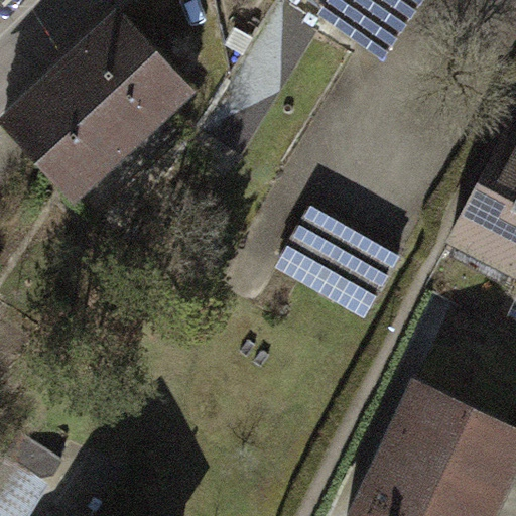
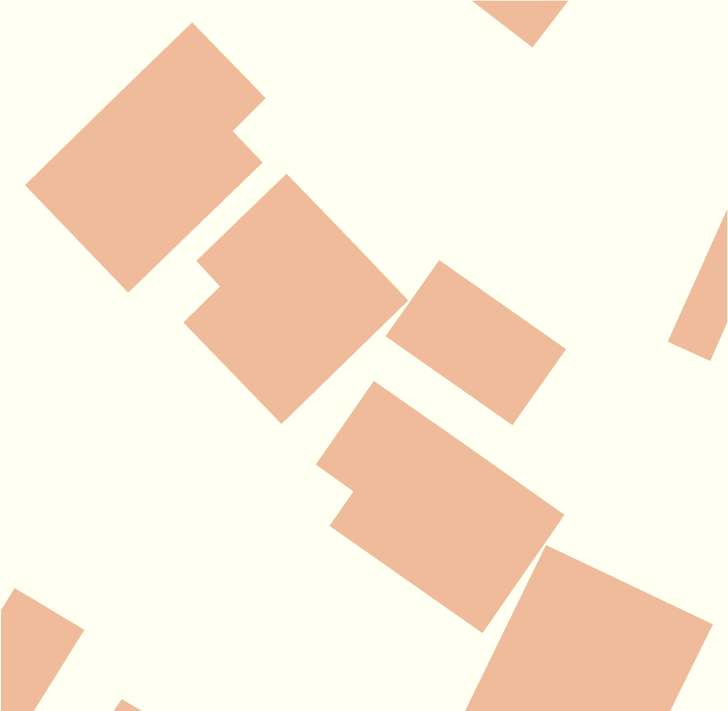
building: none -> [183,173,409,425]
building: none -> [315,380,565,634]

